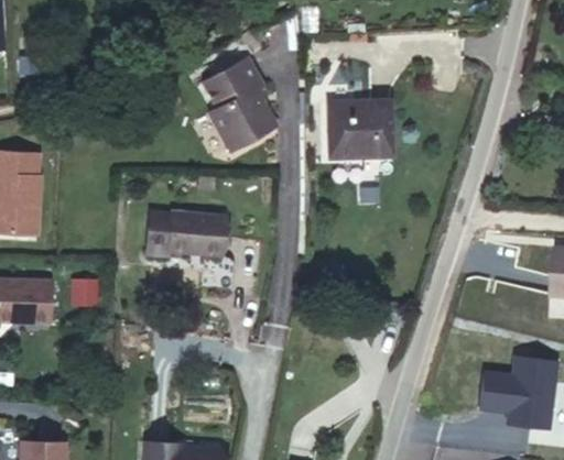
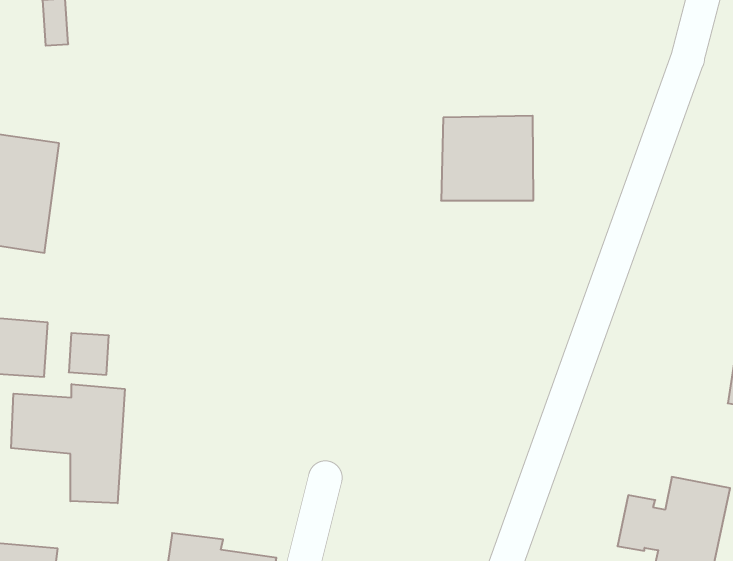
building: [207,51,280,144] -> none
building: [143,218,220,267] -> none
building: none -> [11,384,125,503]

